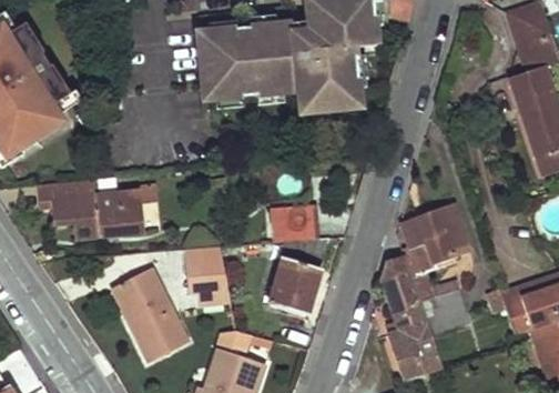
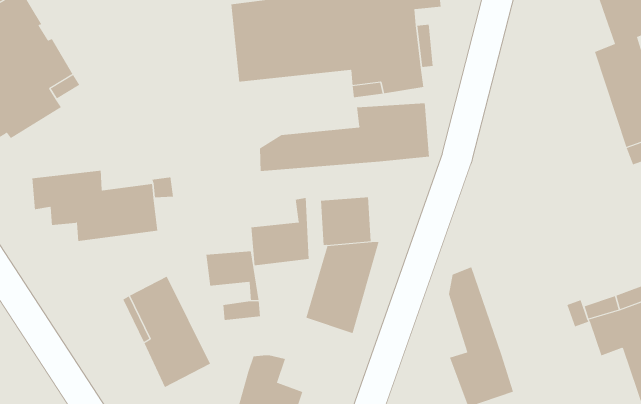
building: none -> [260,102,430,172]
building: none -> [251,197,309,266]
building: [399,202,470,333] -> none

